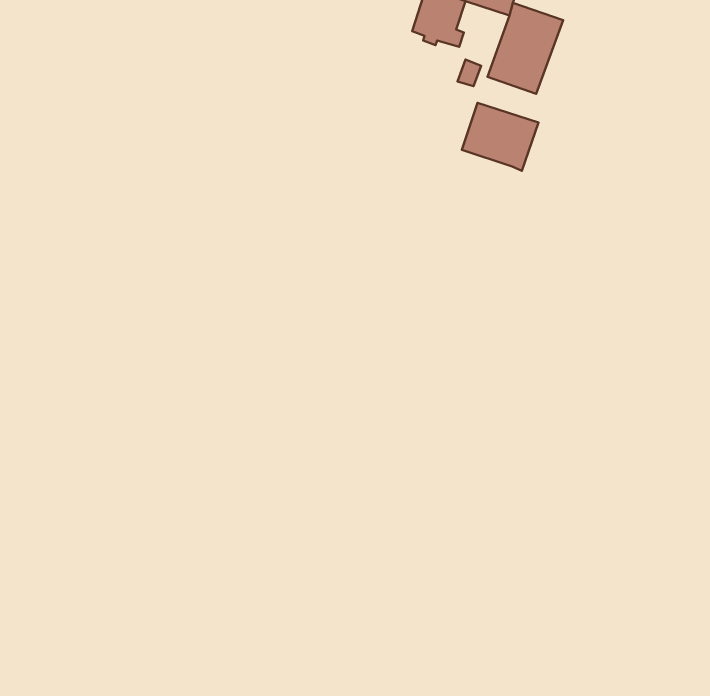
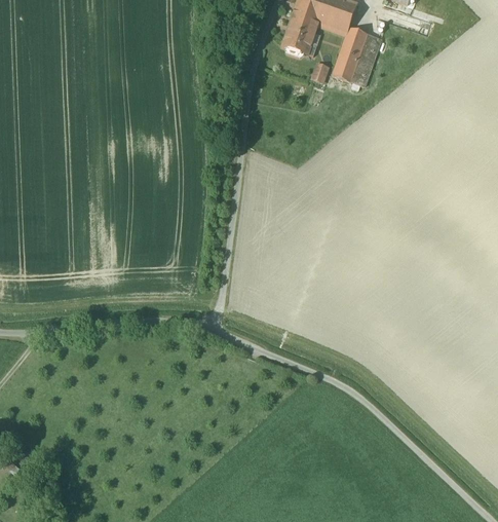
building: [462,103,538,171] -> none

